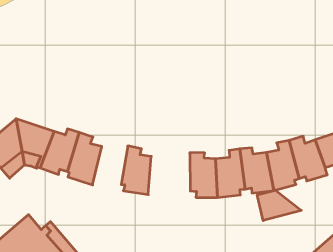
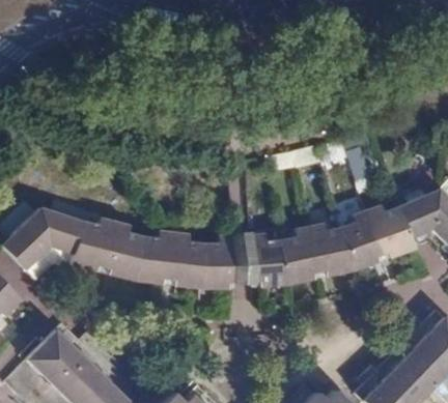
building: none -> [137,230,175,285]
building: none -> [204,236,237,288]
building: [257,190,301,221] -> none

